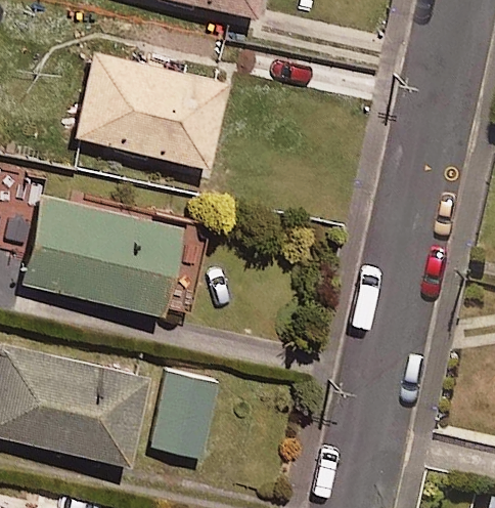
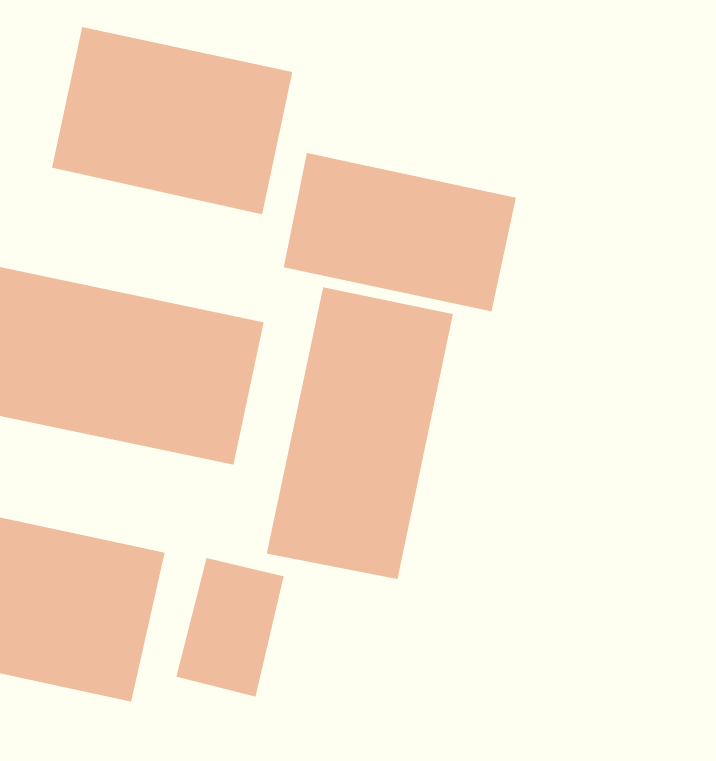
building: none -> [283,152,516,312]
building: none -> [266,286,454,580]

